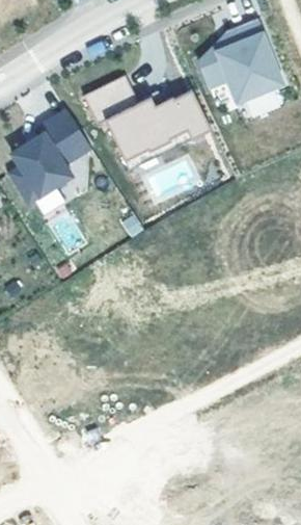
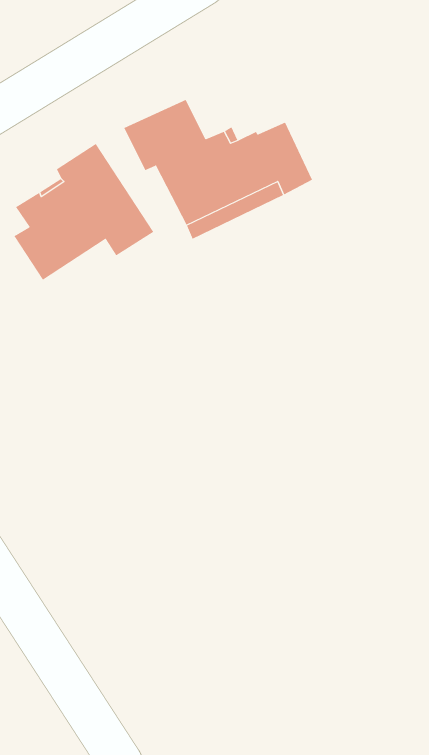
building: [199,16,283,99] -> none

